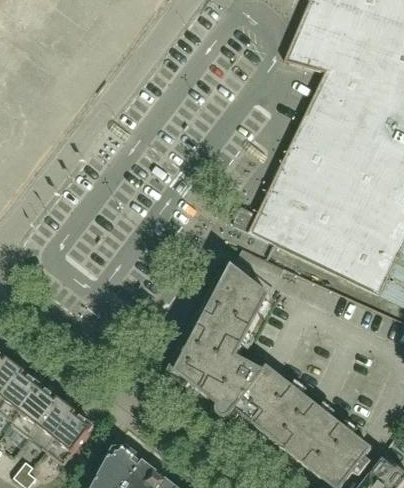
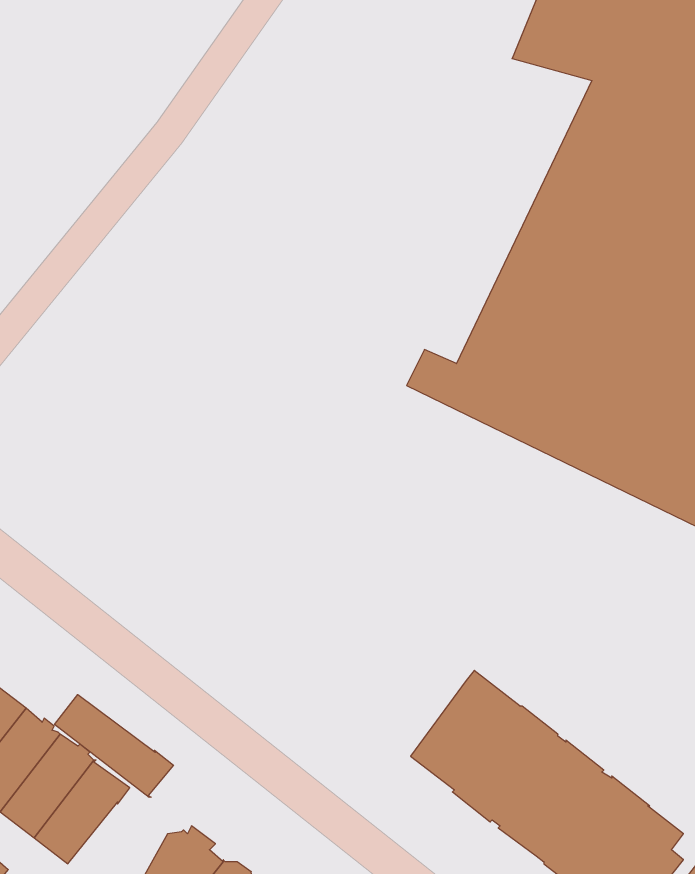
building: [166,266,269,418] -> none
building: none -> [55,695,173,797]

